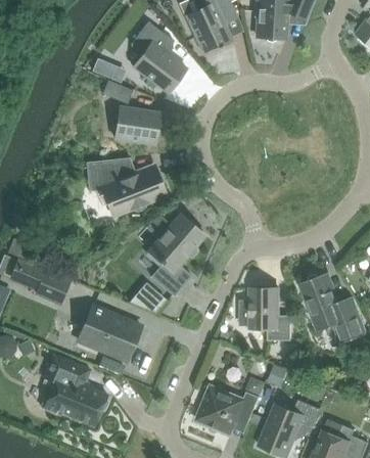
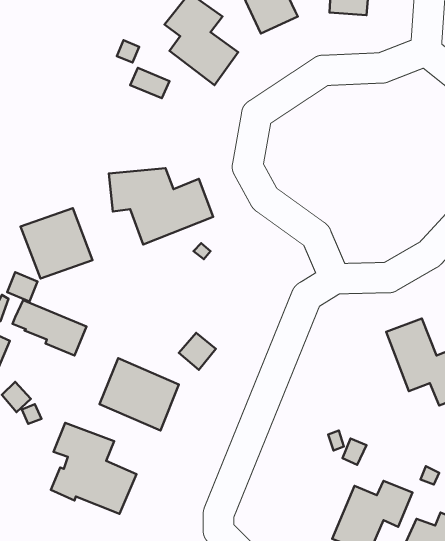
building: [114,106,159,144] -> none
building: none -> [21,208,92,279]
building: [148,214,205,295] -> none
building: [250,286,291,339] -> none
building: [197,385,260,433] -> none

